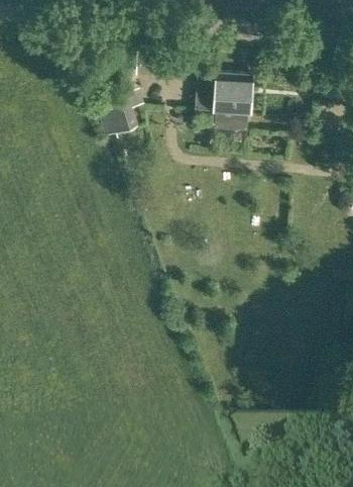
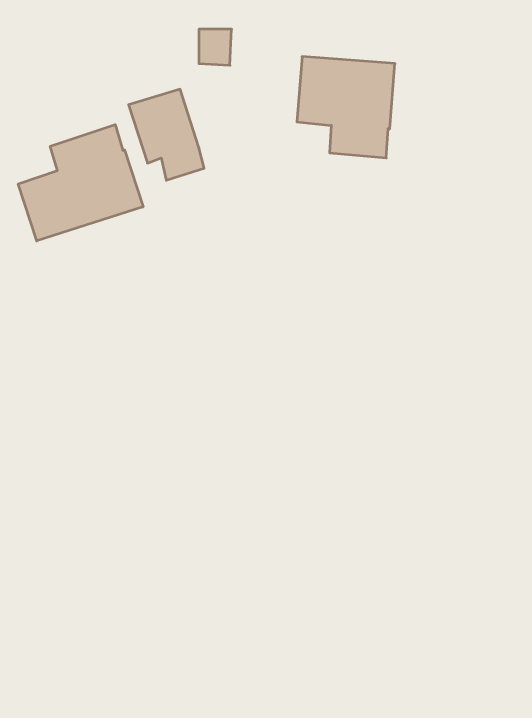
building: none -> [18,125,143,241]

